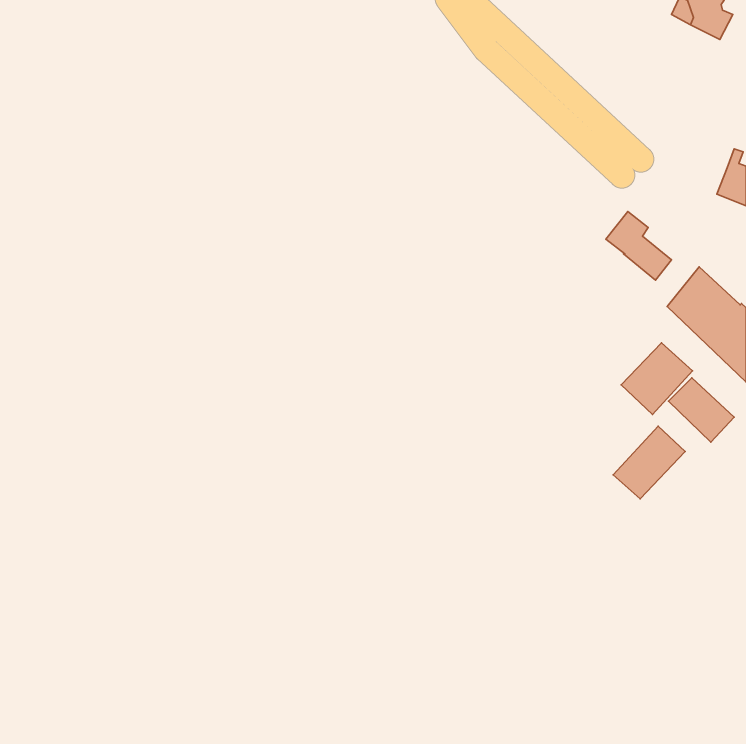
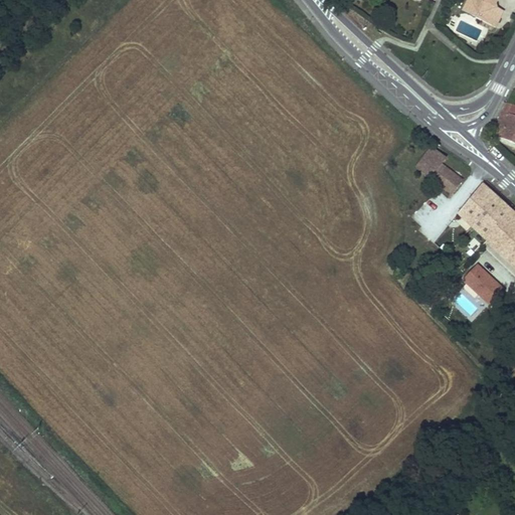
building: [621,343,692,414] -> none
building: [613,426,685,499] -> none

